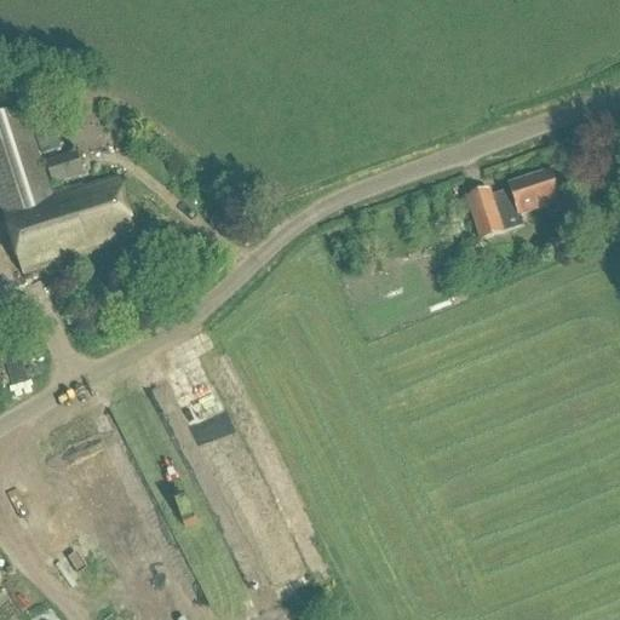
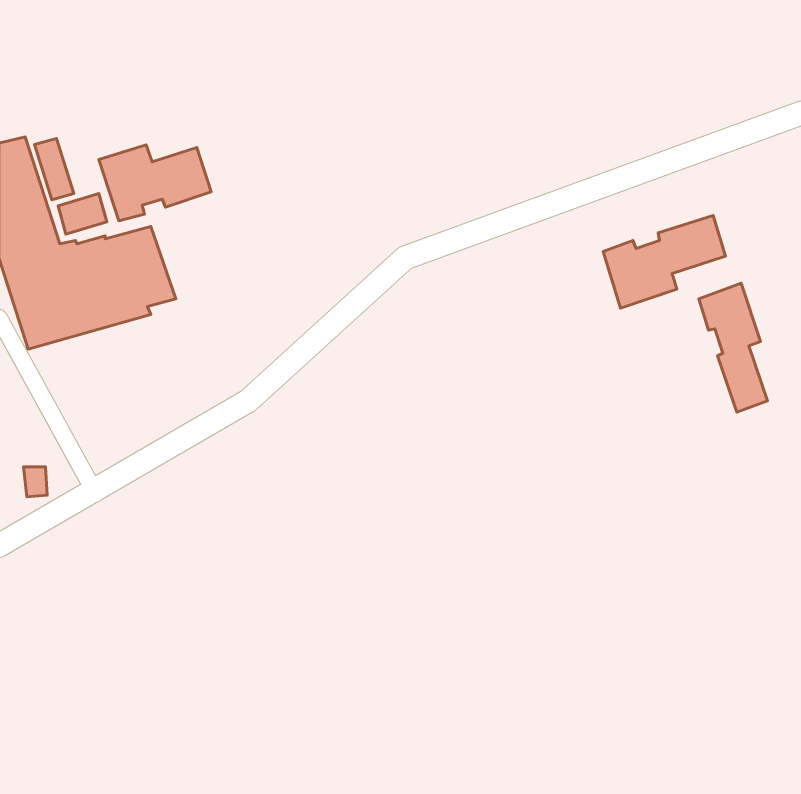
building: none -> [99,145,211,221]
building: none -> [699,283,768,412]

